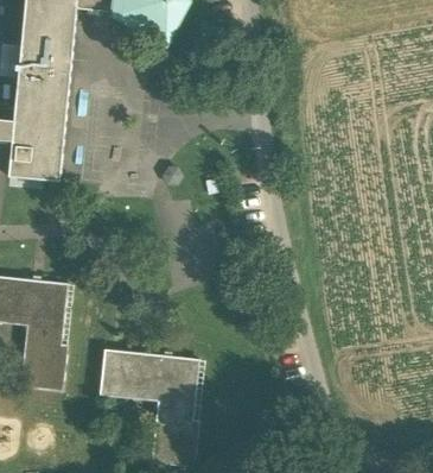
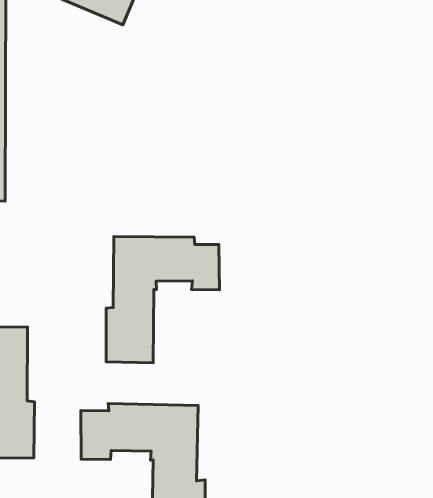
building: none -> [106,237,220,363]

